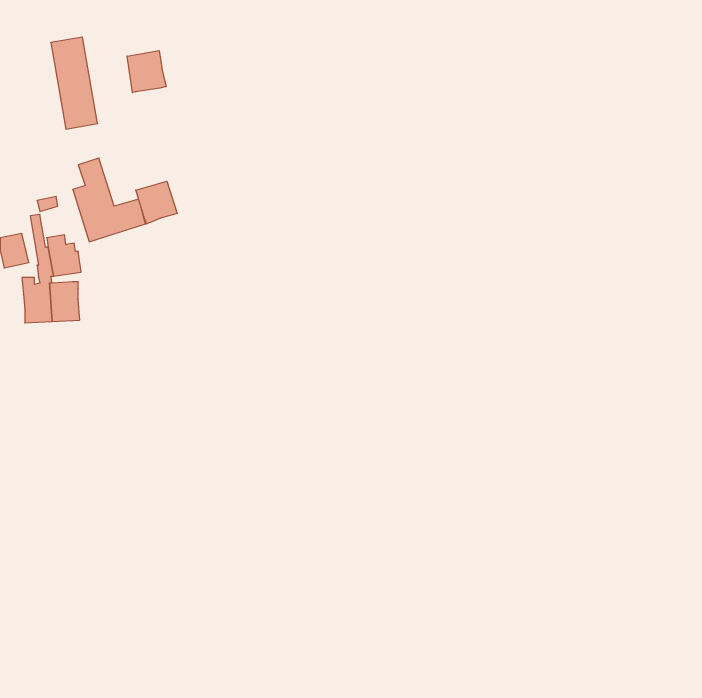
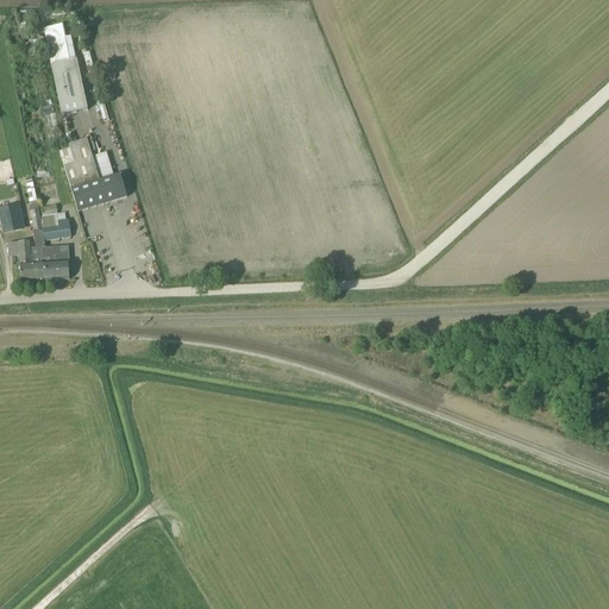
building: [127,51,166,93] -> none
building: [136,181,177,224] -> none

